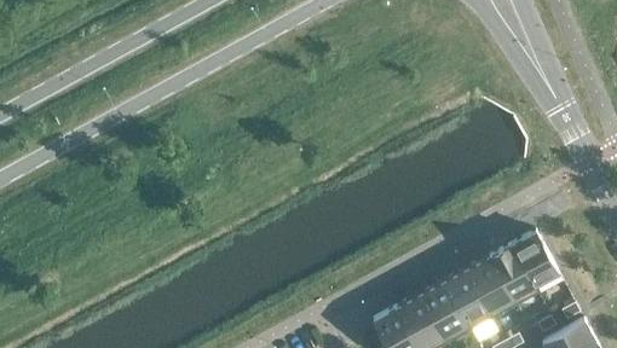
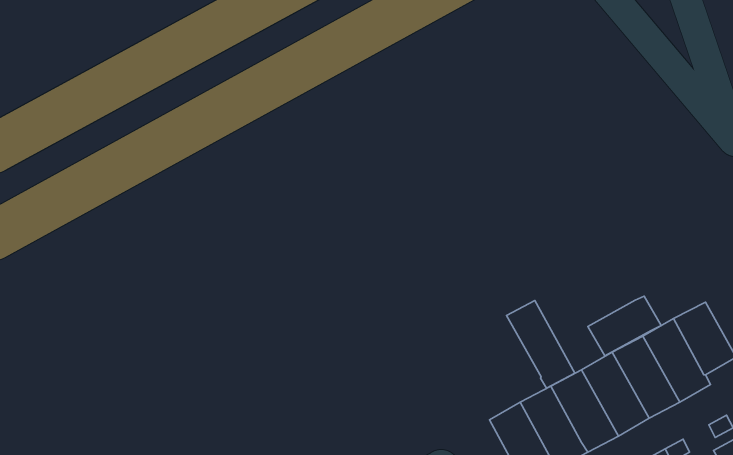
building: none -> [588,296,661,356]
building: none -> [507,300,575,388]

